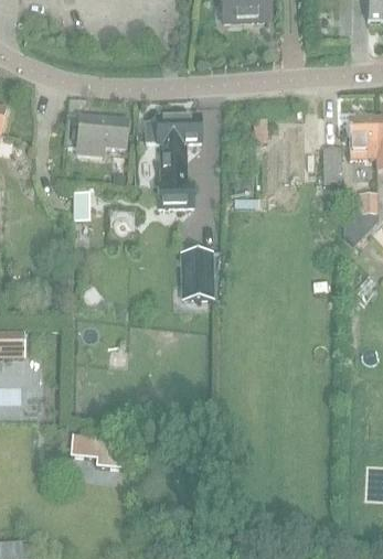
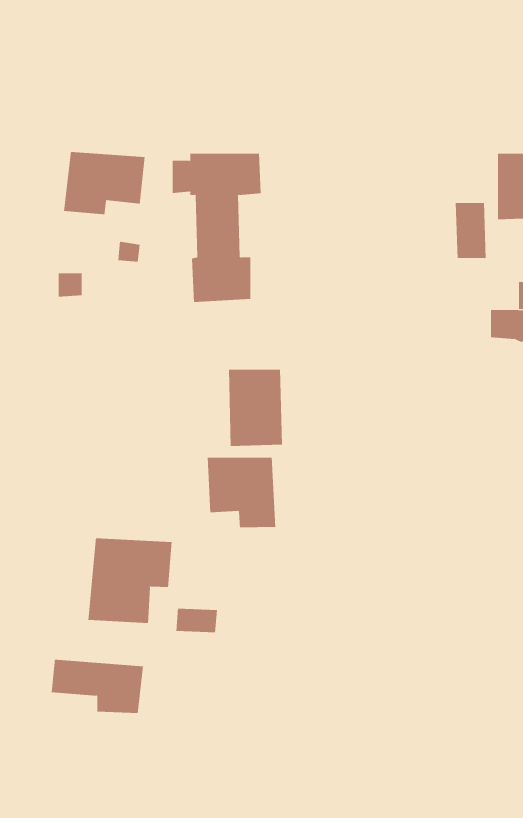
building: none -> [207,457,276,528]
building: none -> [88,538,172,624]

